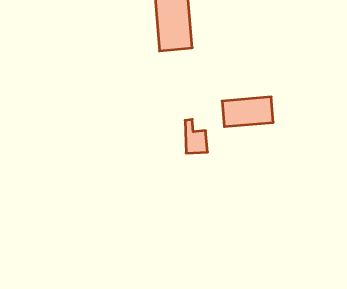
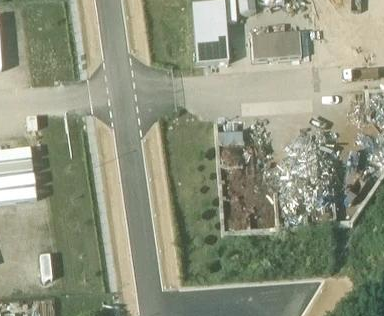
building: [222,97,273,127] -> [251,30,301,59]

